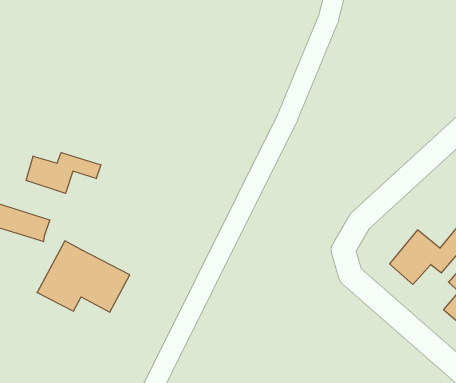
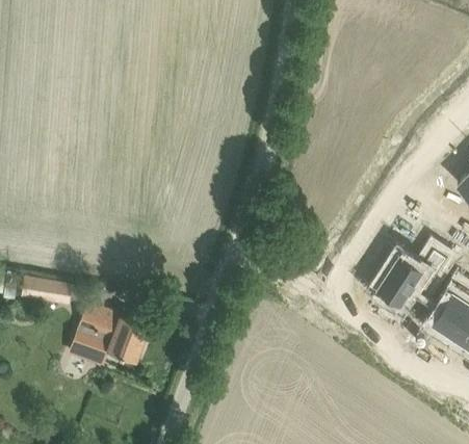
building: [26,153,101,193] -> none

